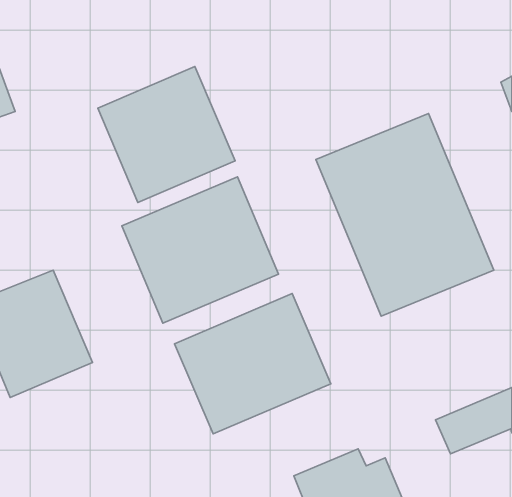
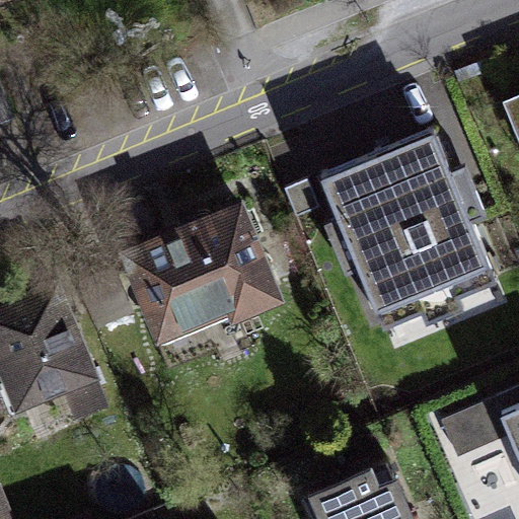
building: [98,67,235,203] -> none
building: [174,294,331,434] -> none

